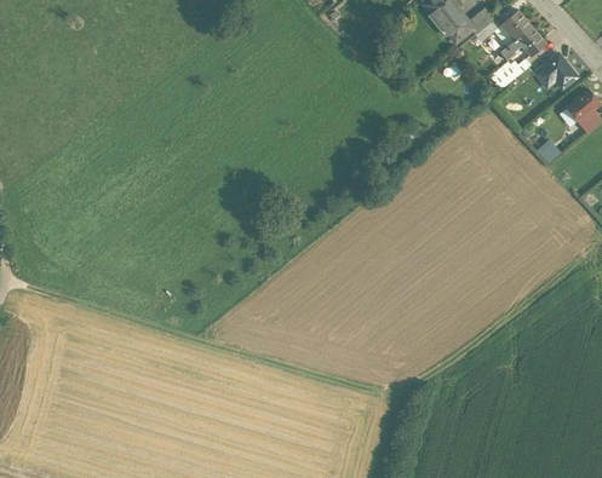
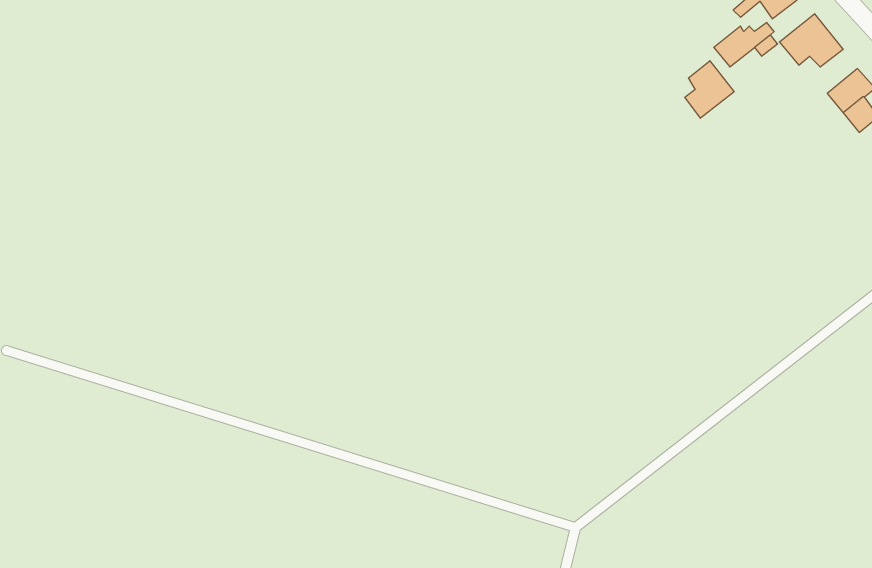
building: none -> [685,61,734,118]

